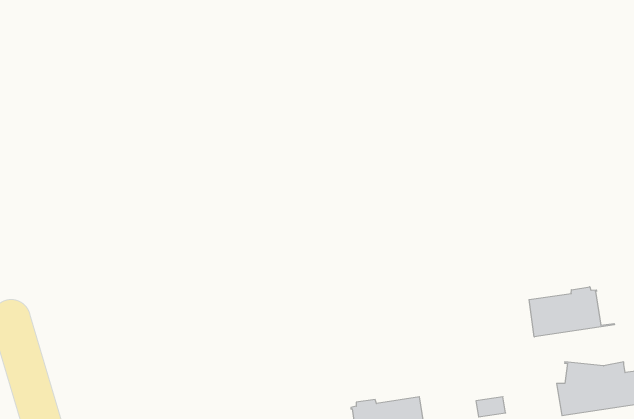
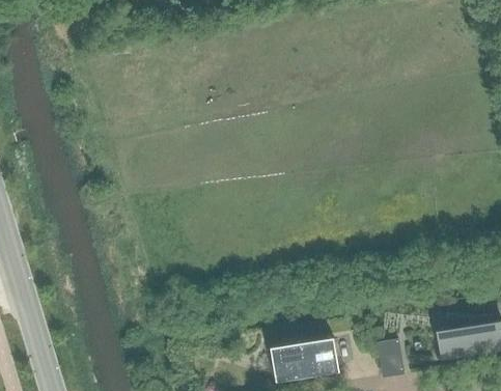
building: [529,287,614,337] -> none

